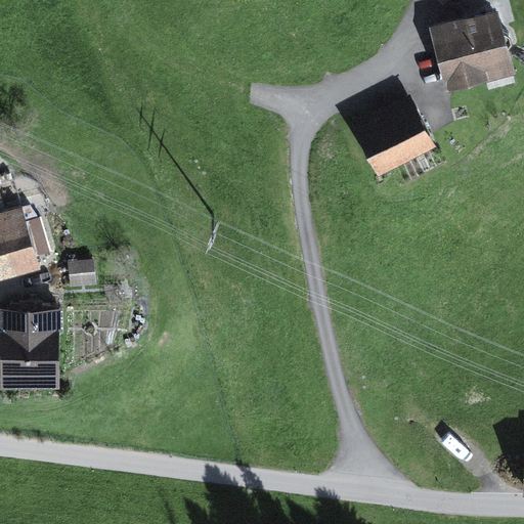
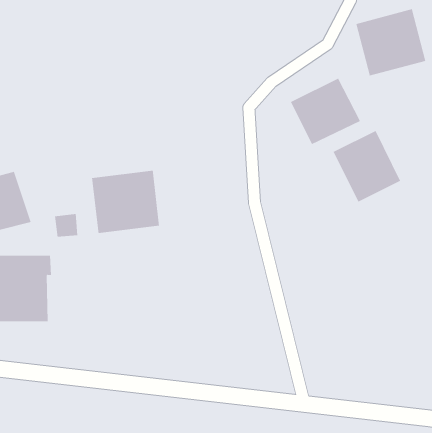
building: none -> [333,130,401,203]
building: none -> [92,170,160,234]

